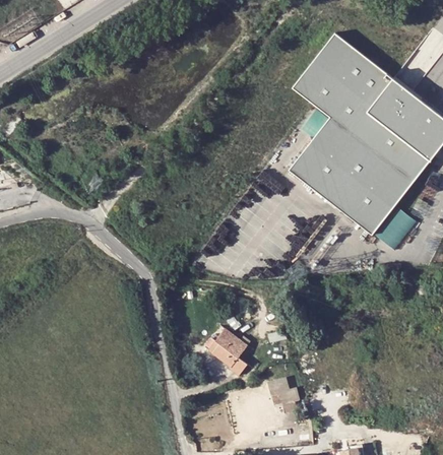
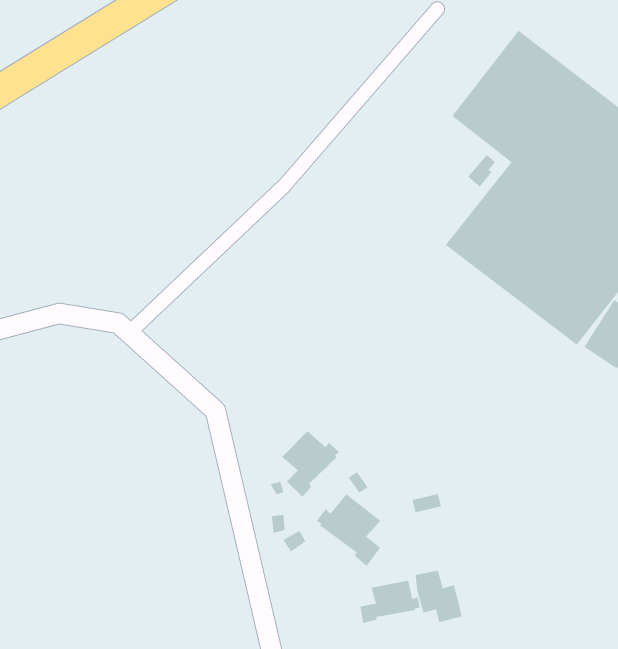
building: none -> [281,430,340,498]
building: none -> [360,580,420,624]

